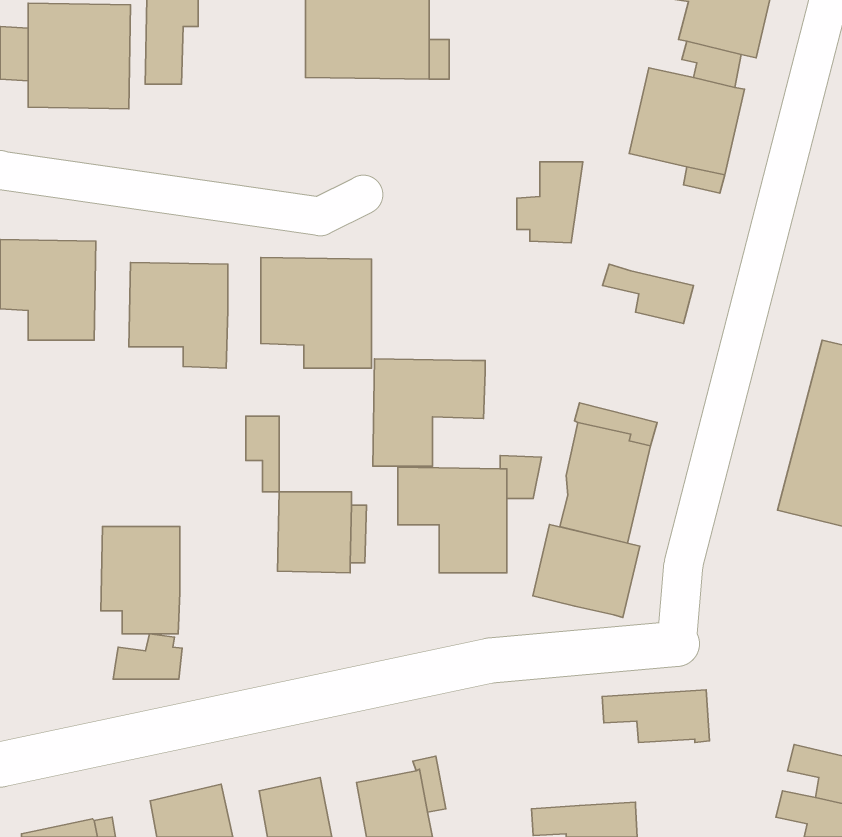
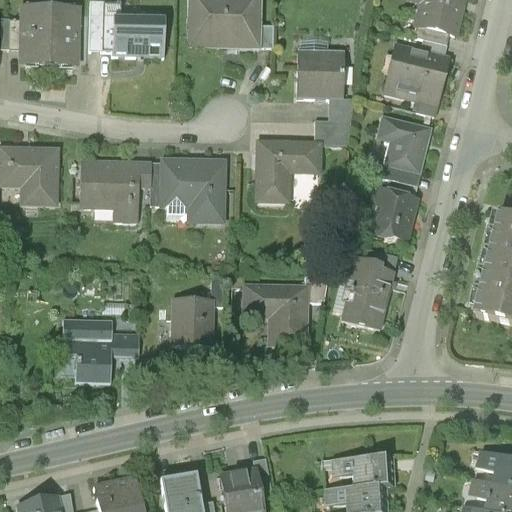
building: none -> [111,16,165,58]
building: none -> [296,48,344,98]
building: none -> [375,114,433,173]
building: none -> [366,186,420,242]
building: [373,359,485,466] -> [254,138,322,203]
building: [246,416,279,492] -> [139,161,159,207]
building: [533,525,640,618] -> none
building: none -> [110,332,139,359]
building: [113,634,182,679] -> none
building: [602,690,710,743] -> [330,456,395,488]

